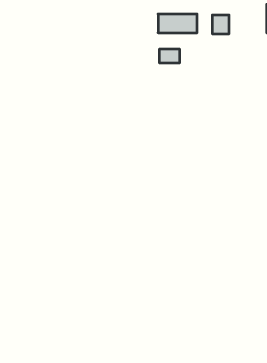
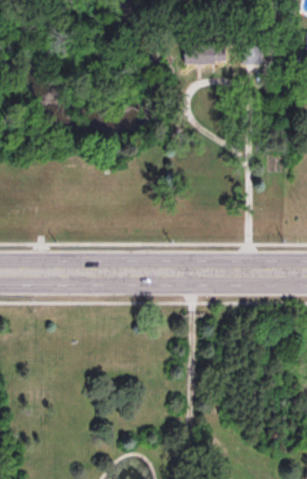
building: [160,49,179,63] -> none

